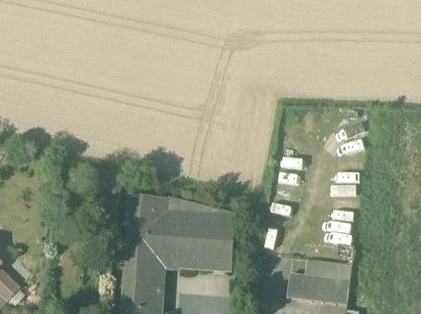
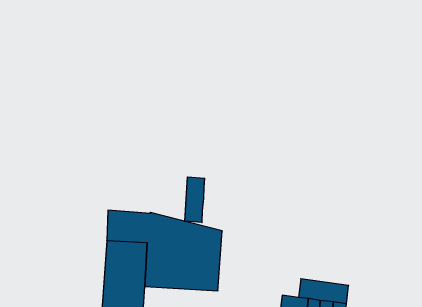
building: none -> [185,177,205,223]

